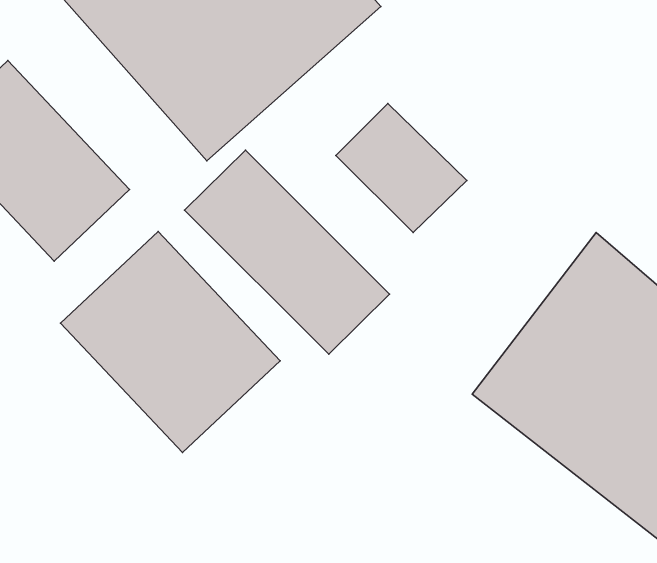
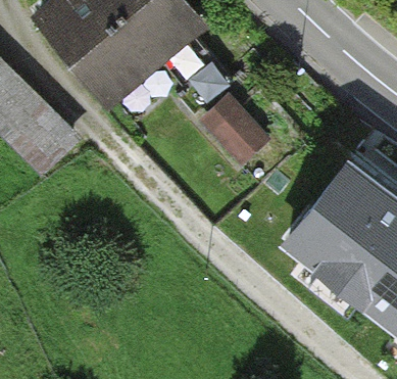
building: [185,150,390,354] -> none
building: [60,232,280,452] -> none

